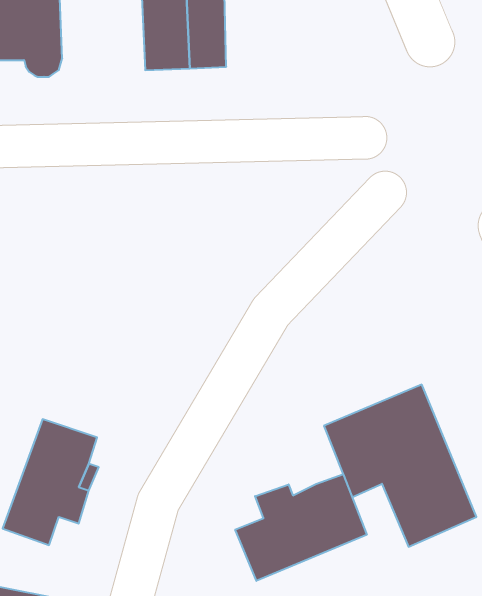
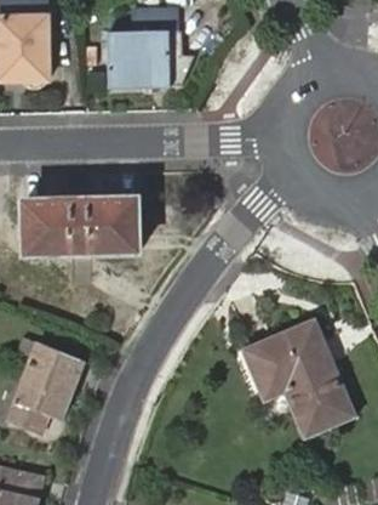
building: none -> [23,199,137,254]
building: [235,474,367,581] -> none

